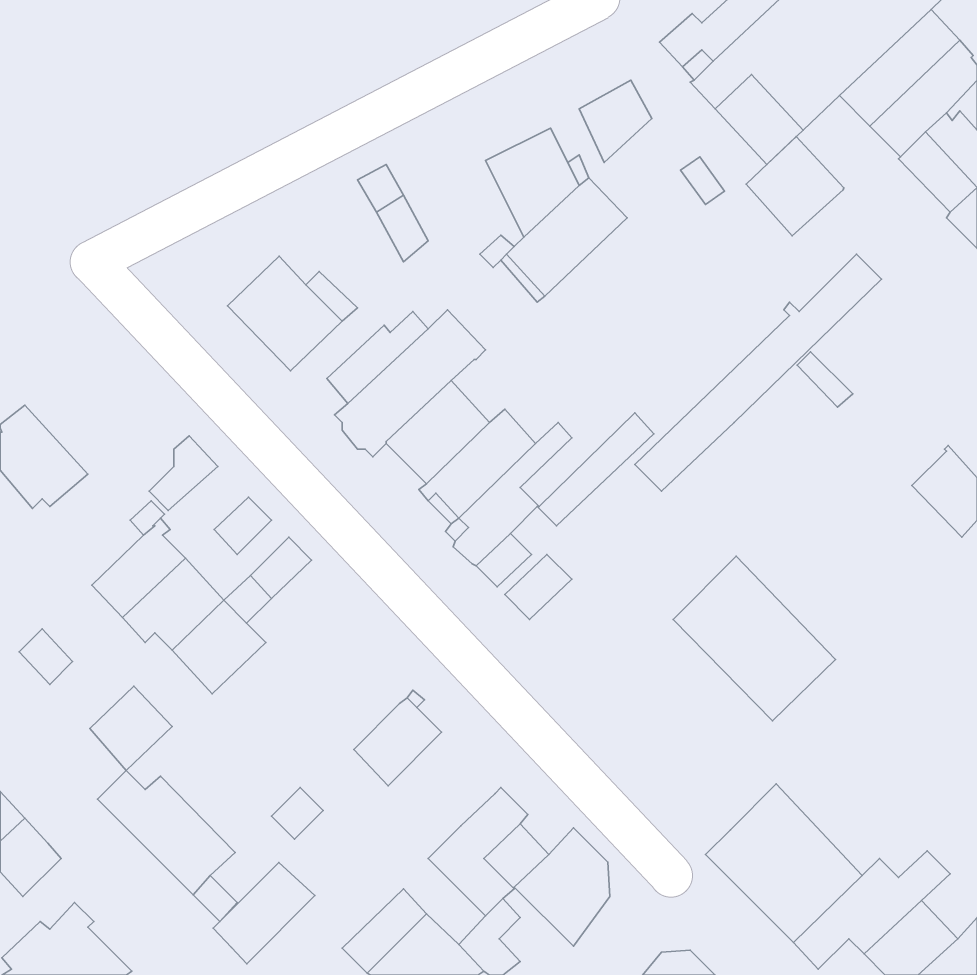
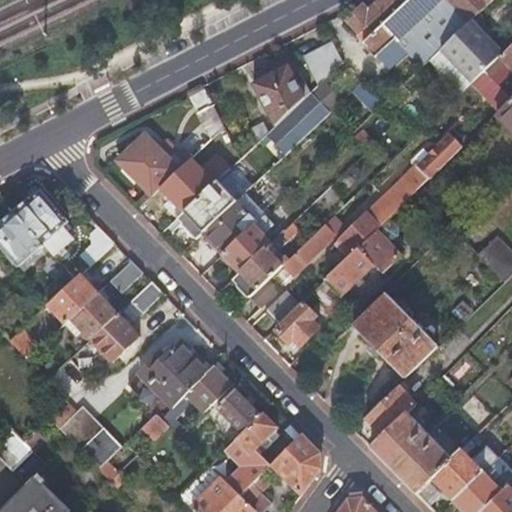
building: [746,137,844,236] -> none
building: none -> [13,192,69,253]
building: none -> [324,221,393,295]
building: none -> [273,301,318,345]
building: none -> [137,340,209,406]
building: none -> [365,384,414,434]
building: none -> [216,389,259,432]
building: [213,862,315,964] -> none

